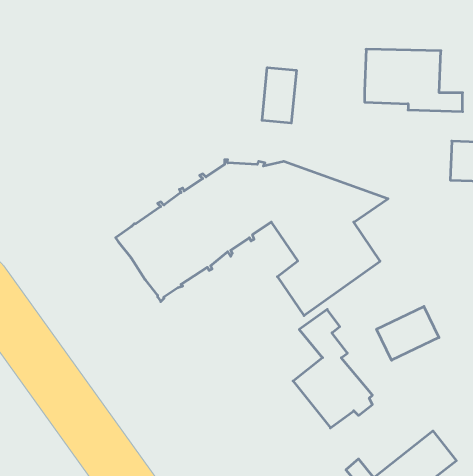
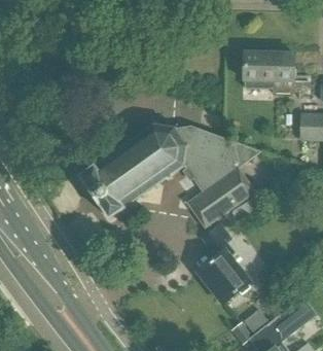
building: [262,68,296,123] -> none
building: [377,306,439,360] -> none

